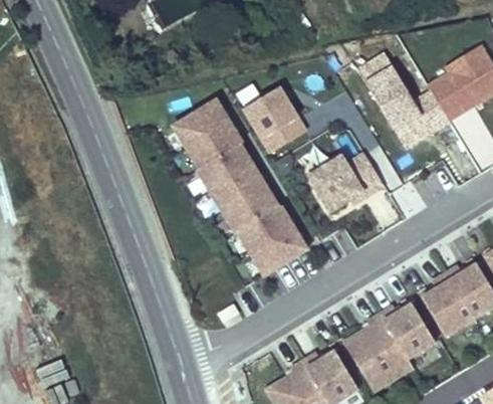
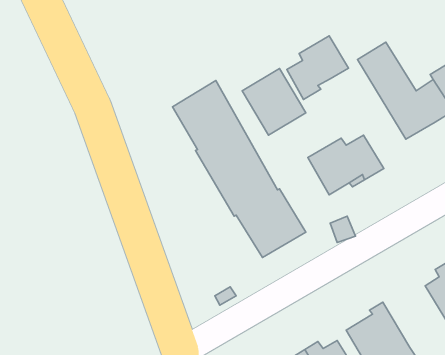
building: none -> [287,36,349,99]
building: [381,304,436,359] -> none

